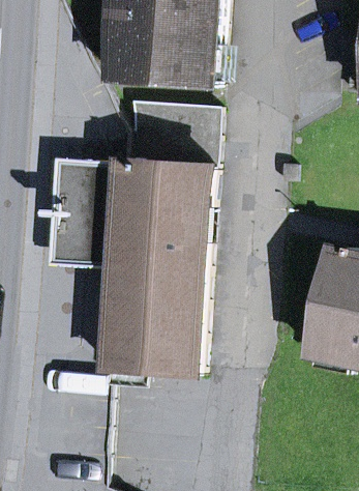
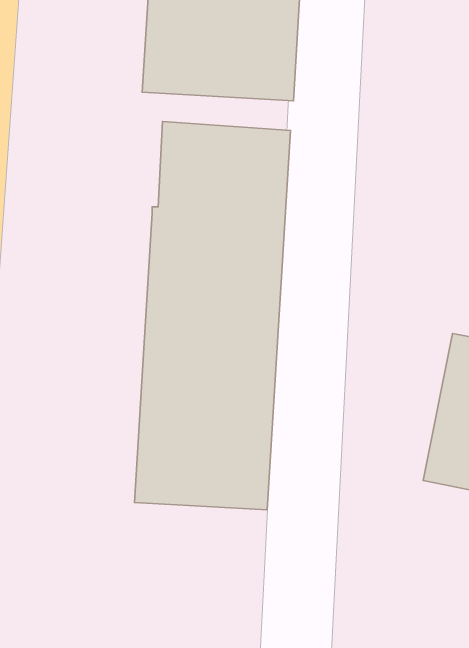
building: [50,163,118,266] -> none

